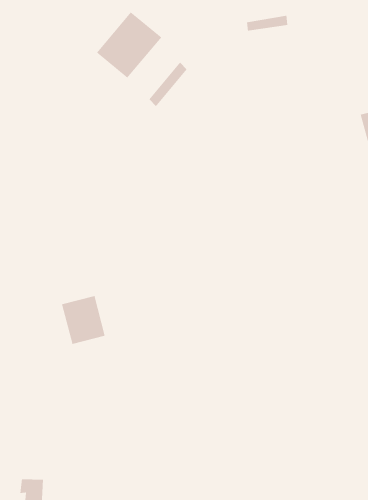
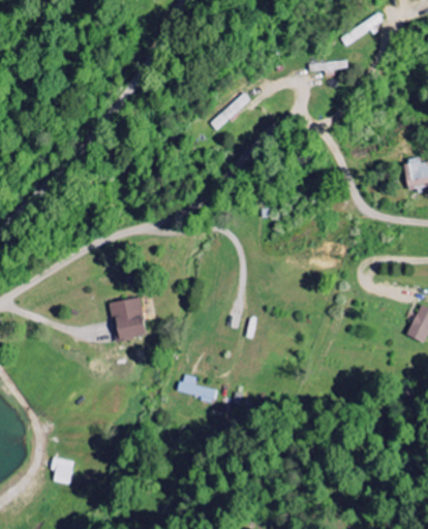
building: [96,11,162,79] -> none
building: none -> [178,374,216,403]

